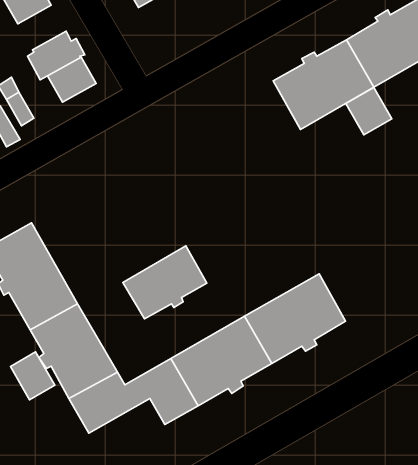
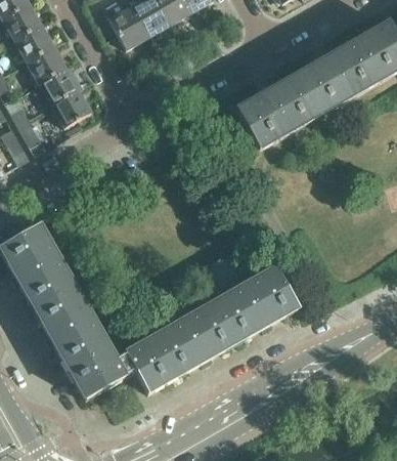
building: none -> [28,46,68,83]
building: [346,88,392,135] -> none
building: [123,246,207,319] -> none
building: [10,352,55,400] -> none

